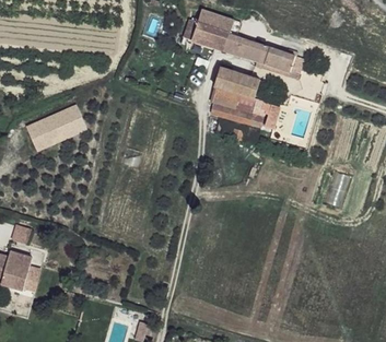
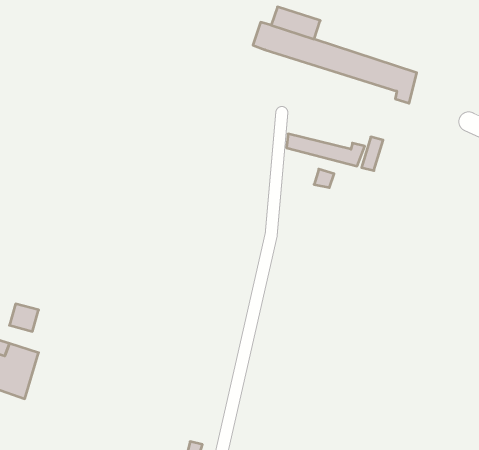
building: [213,68,258,98] -> none
building: [25,104,87,149] -> none

